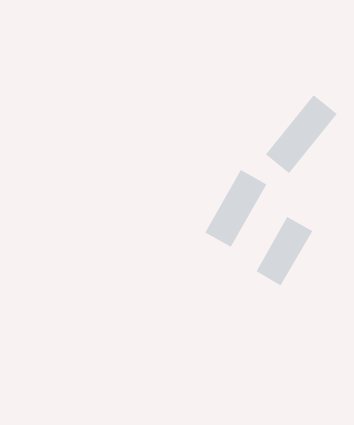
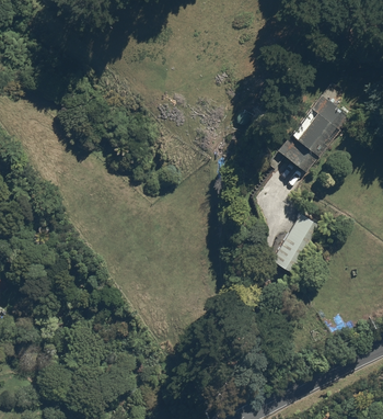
building: [204,169,267,248] -> none

